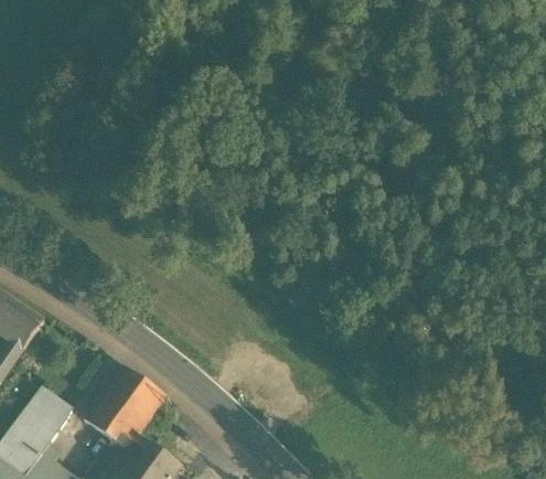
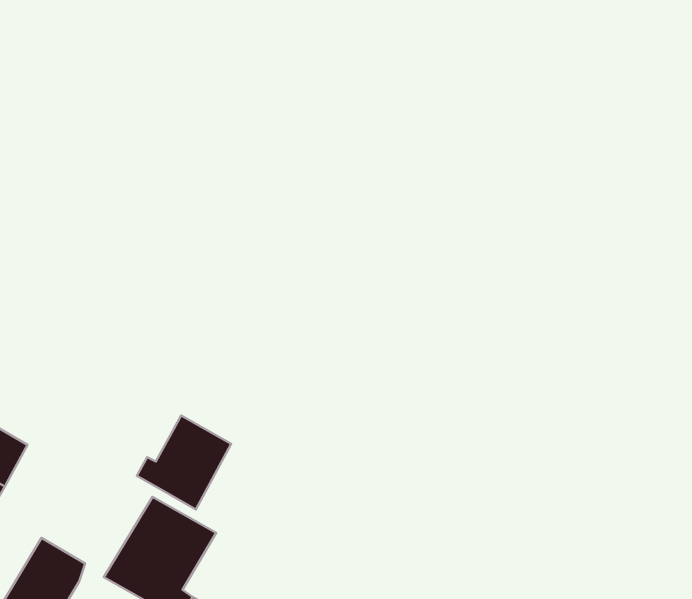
building: none -> [137,415,231,510]

